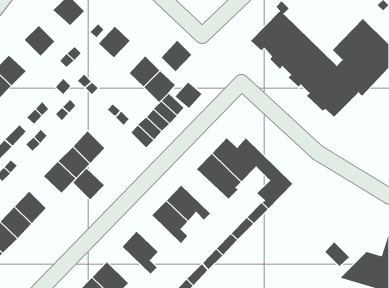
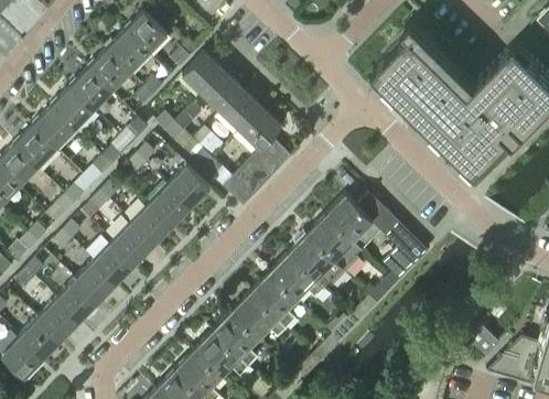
building: none -> [106,33,146,73]
building: none -> [68,71,108,110]
building: [161,40,192,72] -> [201,72,240,112]
building: [175,82,202,109] -> none
building: none -> [168,165,209,207]
building: [73,168,105,200] -> [94,242,134,283]
building: none -> [286,234,345,290]
building: none -> [229,292,286,338]
building: none -> [192,332,247,378]

